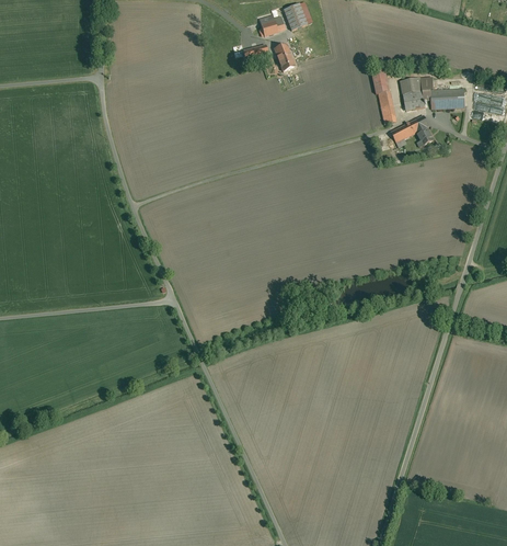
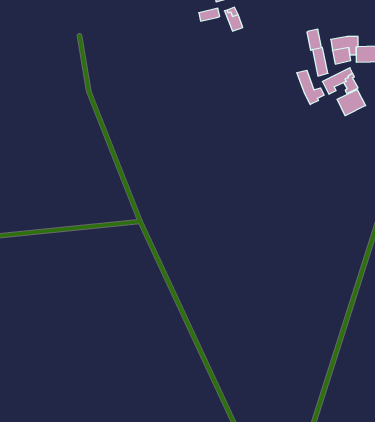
building: none -> [297,70,324,105]
building: none -> [337,89,366,116]

